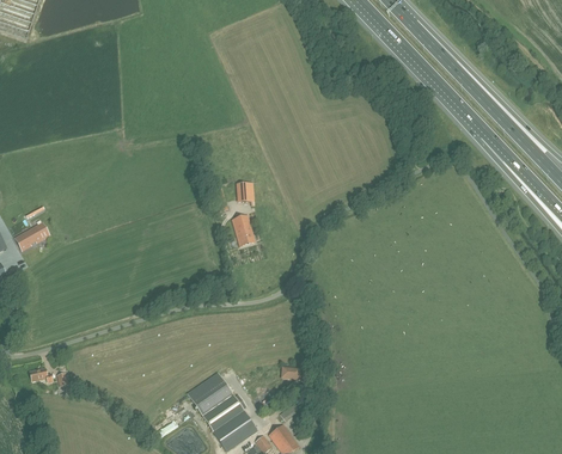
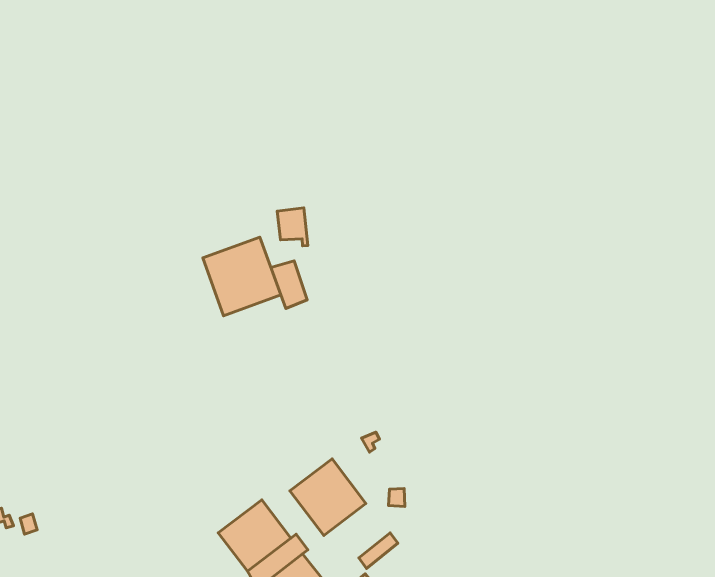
building: none -> [203,237,281,316]
building: none -> [290,459,366,536]

